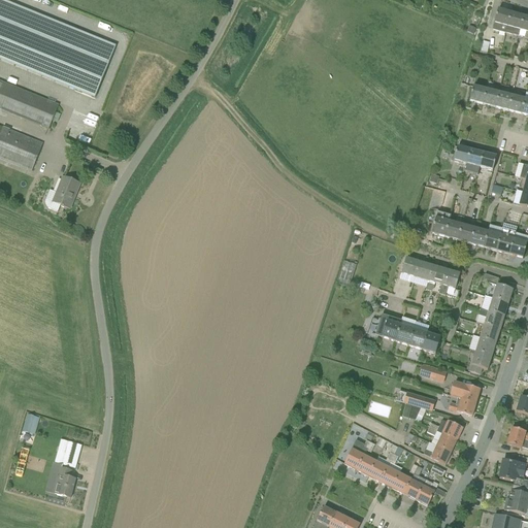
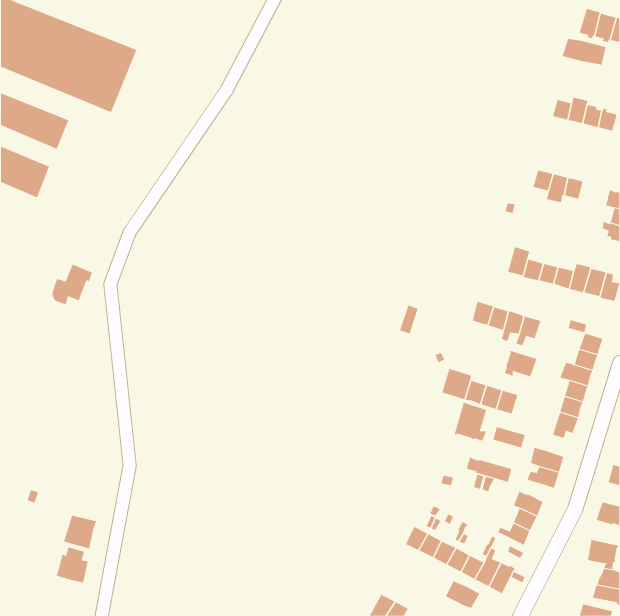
building: none -> [562,38,606,66]
building: [45,174,80,209] -> [52,264,93,305]
building: none -> [504,350,537,377]
building: none -> [454,402,487,442]
building: none -> [445,580,480,609]

